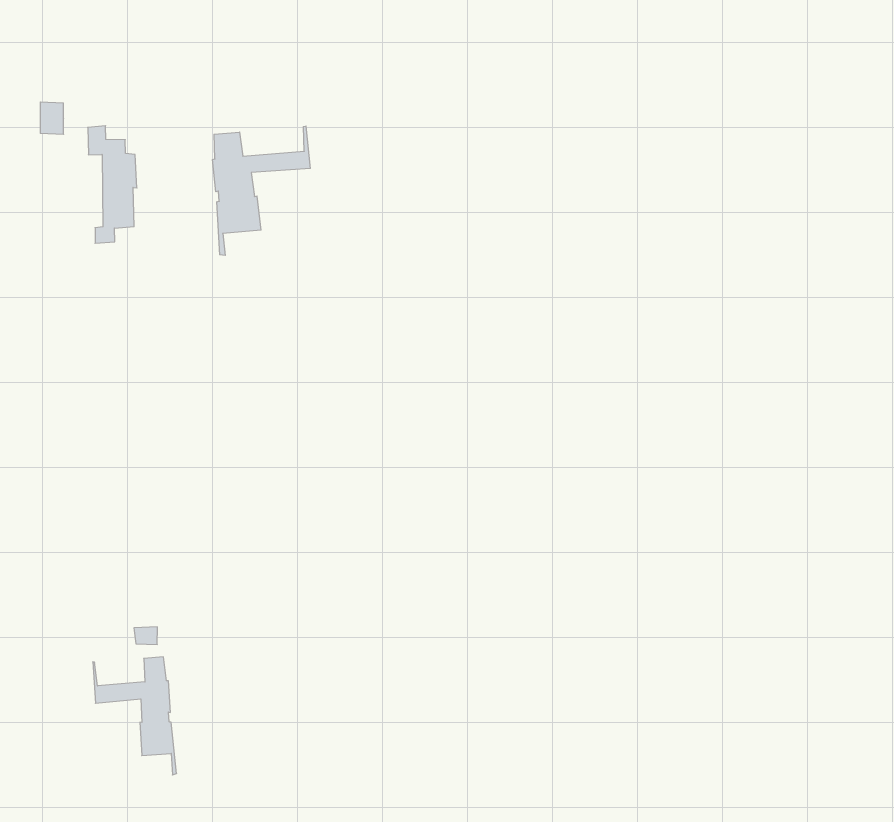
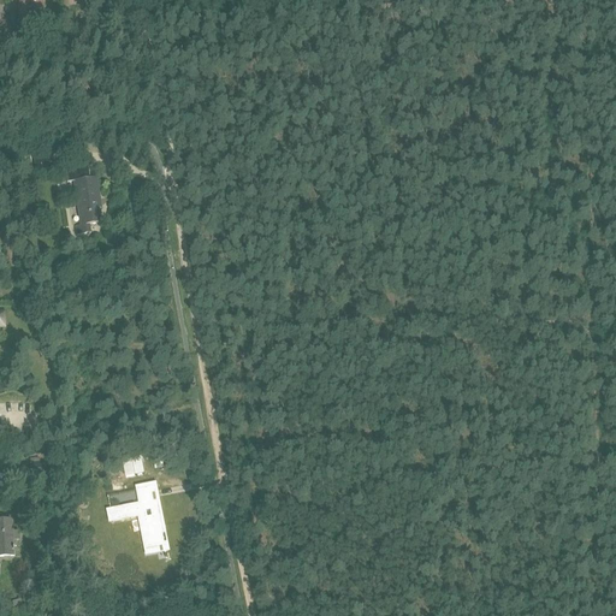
building: [212,126,310,255] -> none

